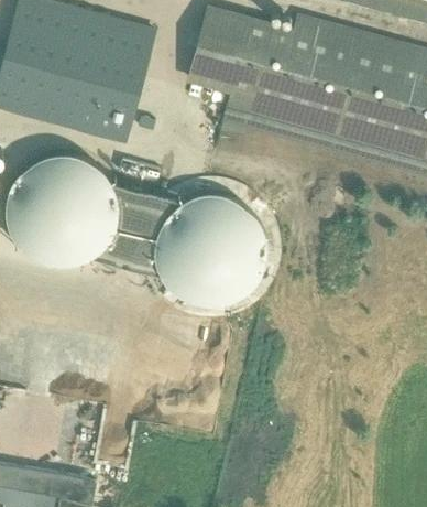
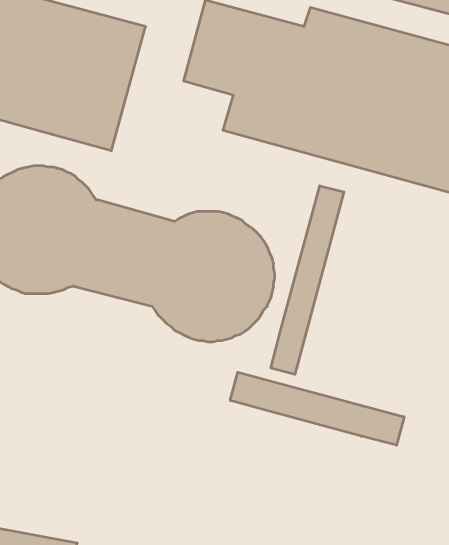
building: none -> [271,186,344,374]
building: none -> [230,372,404,445]

